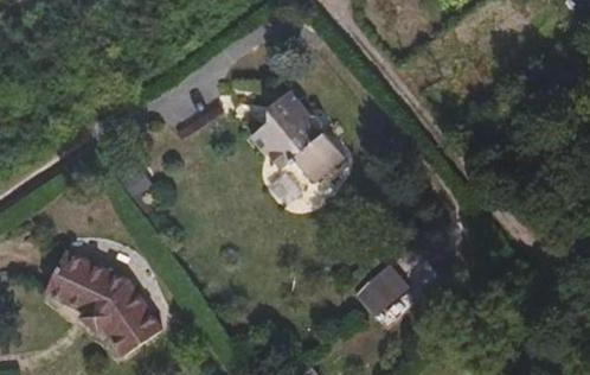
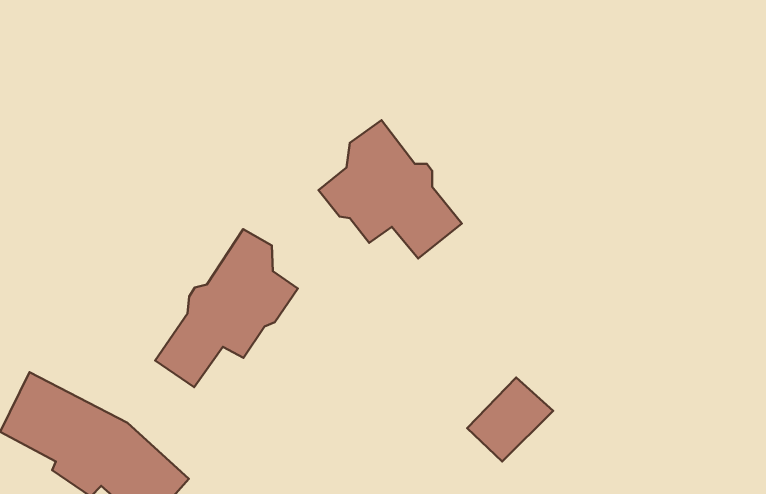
building: none -> [155,229,298,387]

